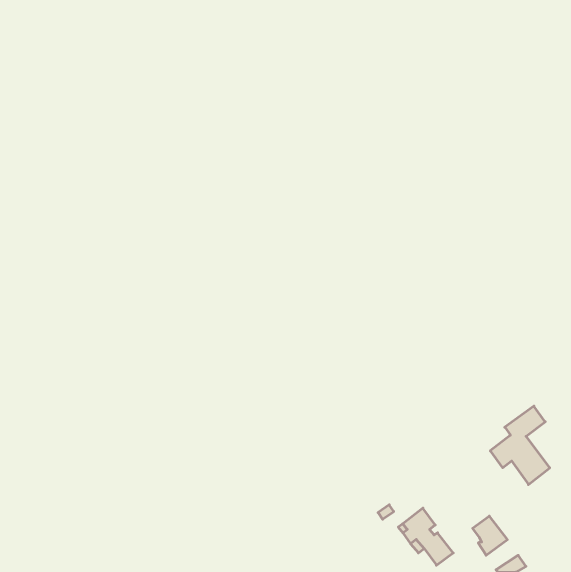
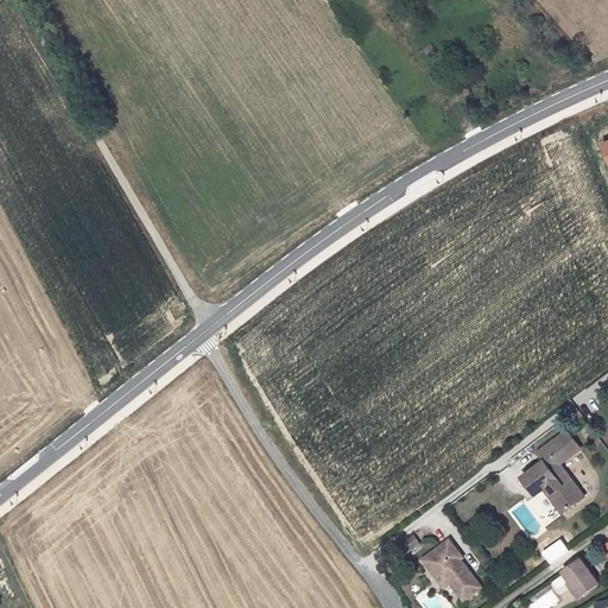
building: [473,516,507,555] -> [562,556,598,597]

